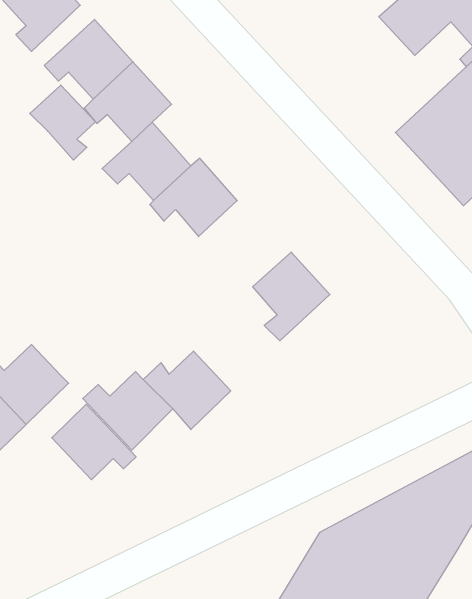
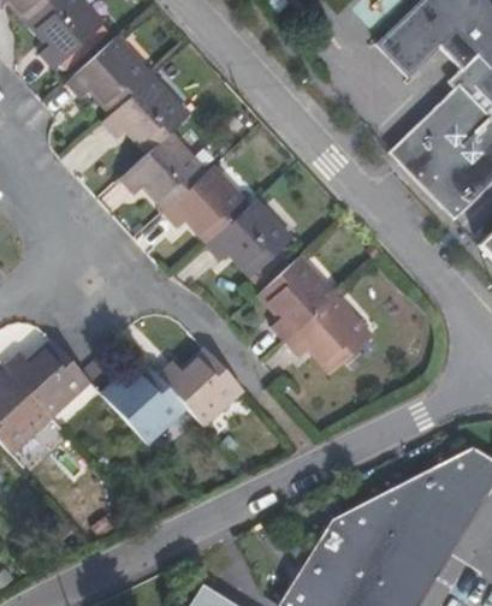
building: [30,85,96,160] -> none
building: none -> [208,203,290,275]
building: none -> [288,298,371,370]
building: [52,404,136,480] -> none

